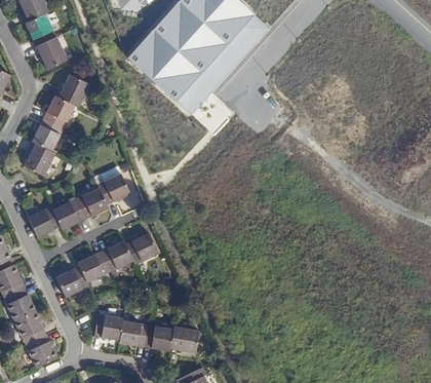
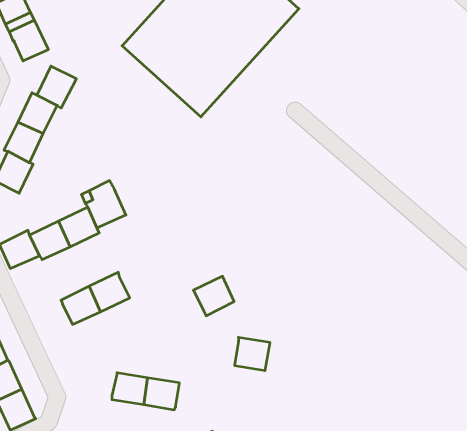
building: [125,233,158,265] -> [193,276,234,316]
building: [56,266,89,298] -> none
building: [94,314,123,340] -> none
building: [170,327,199,353] -> [235,337,270,371]

